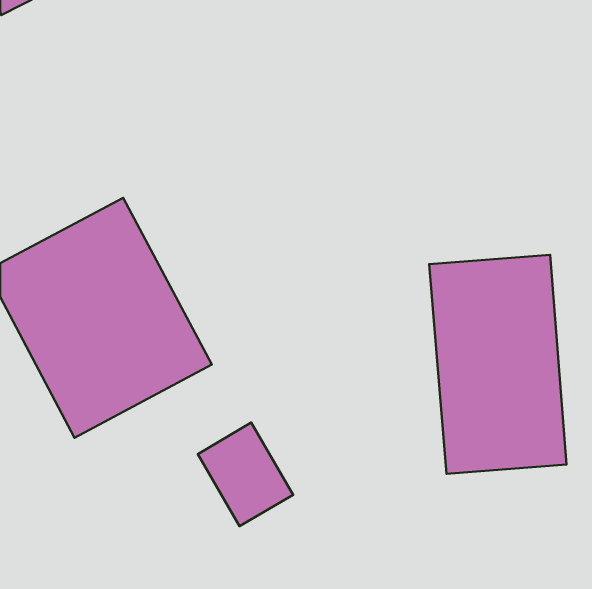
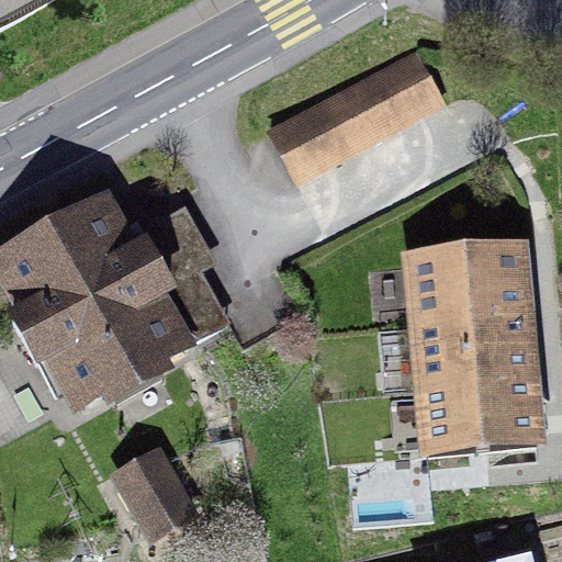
building: none -> [273,57,439,178]
building: [198,423,293,526] -> [112,442,202,540]

